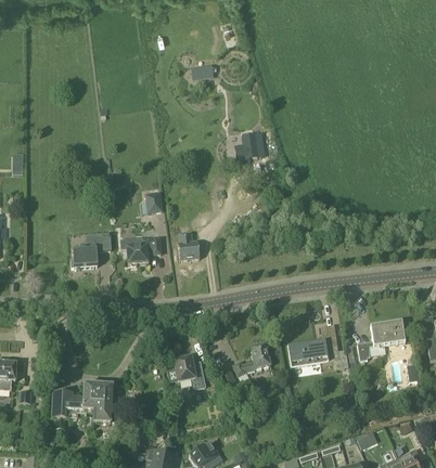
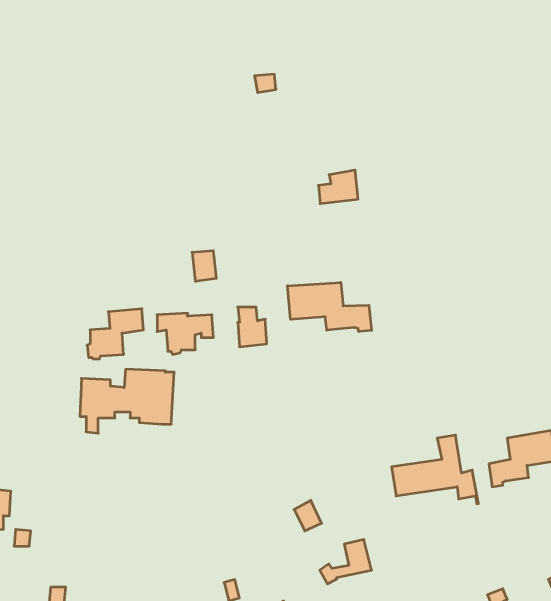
building: none -> [288,282,372,332]
building: [233,343,270,375] -> [320,540,372,584]
building: [167,355,205,388] -> none
building: [51,384,118,429] -> [80,369,174,433]

